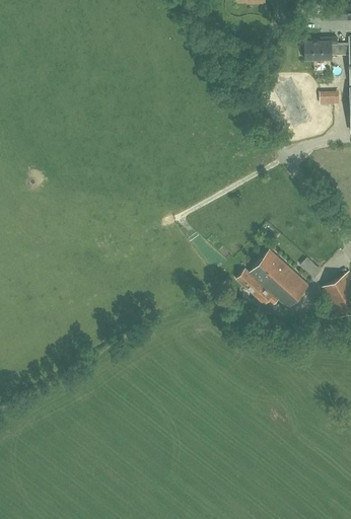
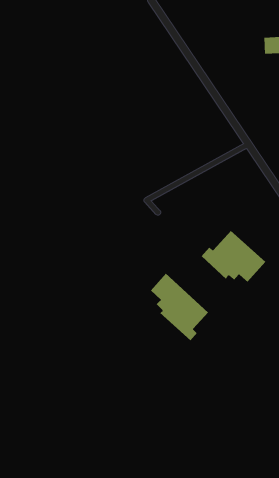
building: none -> [150,273,209,341]

